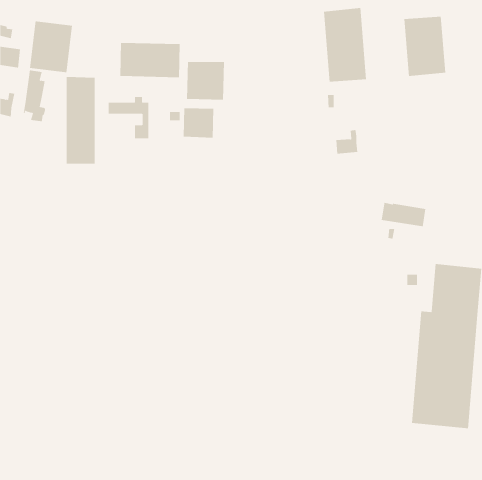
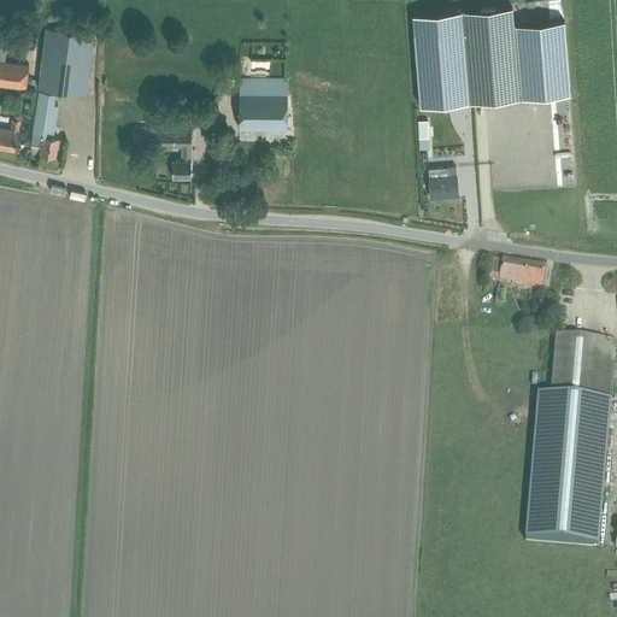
building: none -> [460,10,521,105]
building: [120,42,180,78] -> none
building: [66,76,95,164] -> none
building: [183,108,214,139] -> none

